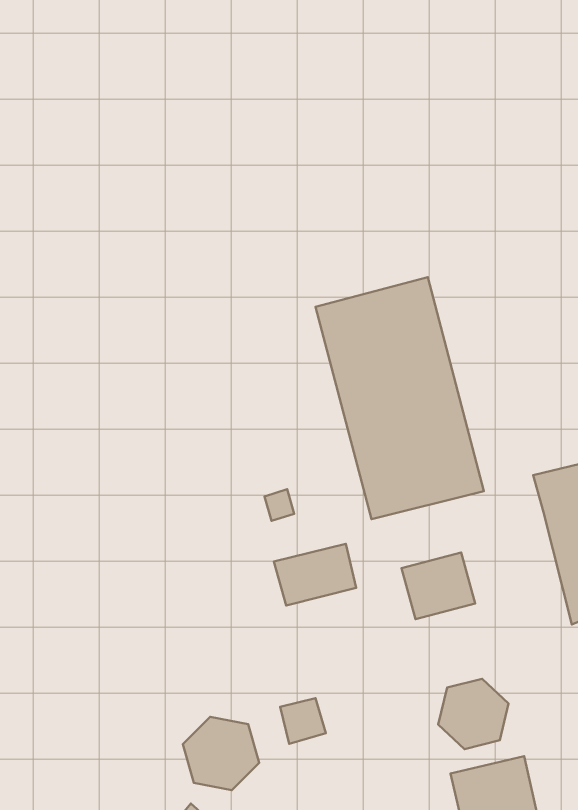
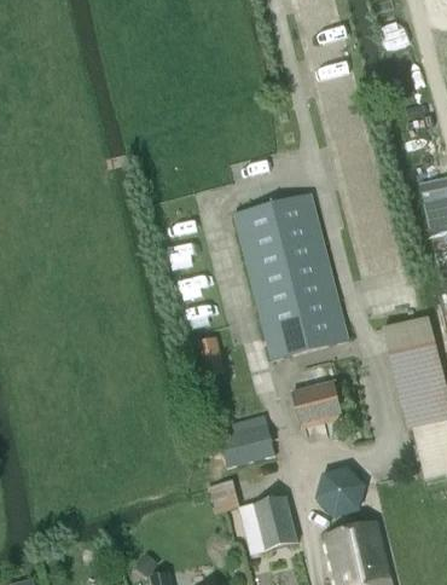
building: [274,544,356,605] -> [217,424,274,467]
building: [183,717,259,790] -> none
building: none -> [238,496,296,552]

